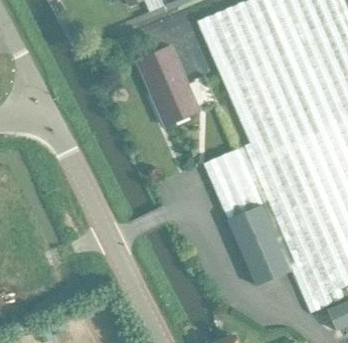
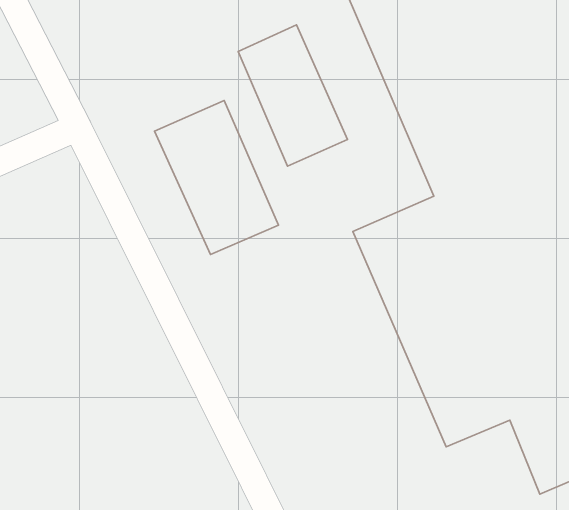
building: none -> [155,100,279,254]

